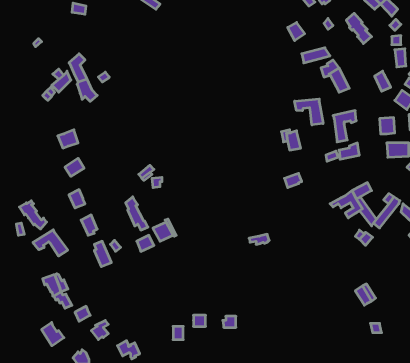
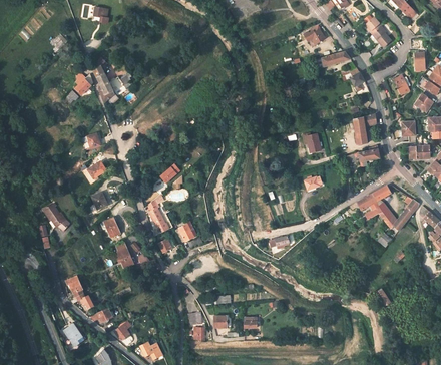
building: [295,99,323,125] -> none
building: [33,230,68,256] -> none

